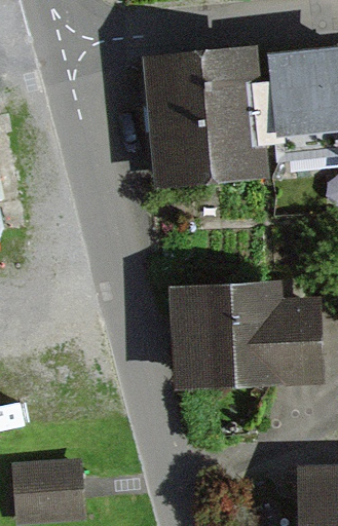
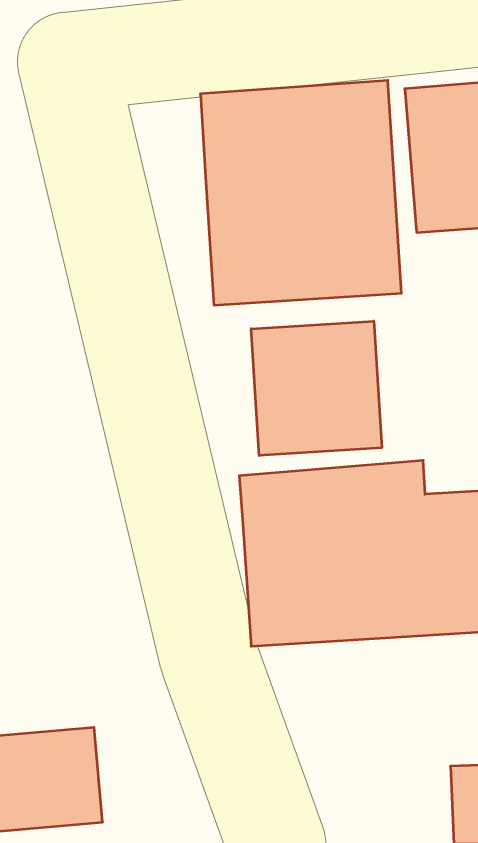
building: none -> [251,321,382,456]

